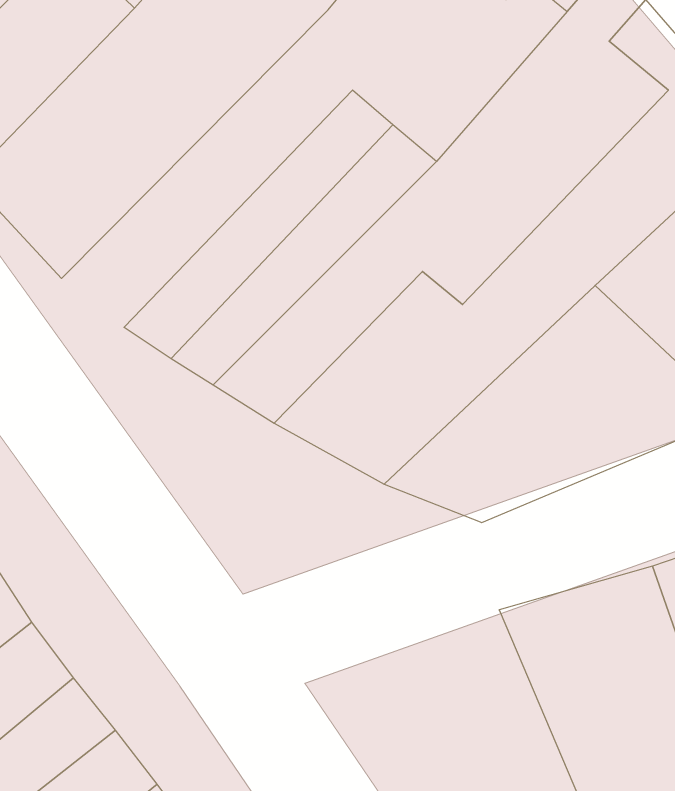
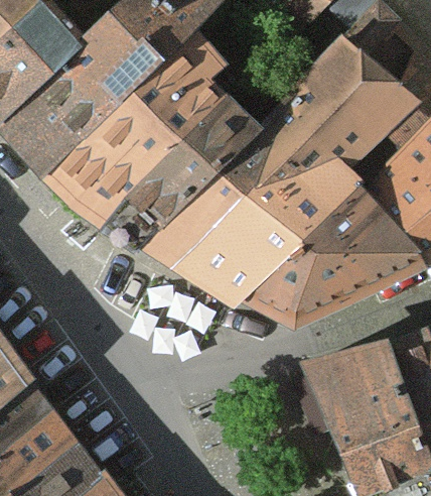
building: none -> [52,29,239,213]

